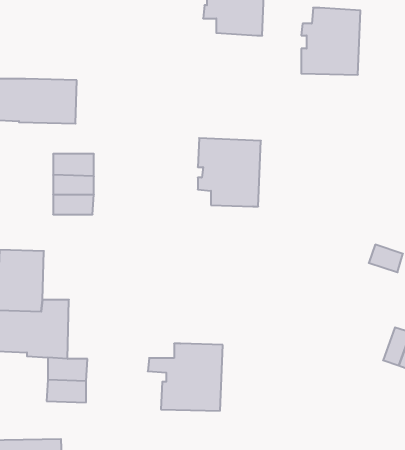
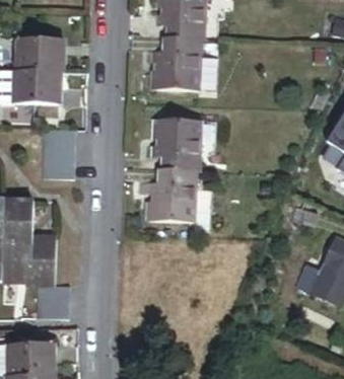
building: [301,8,360,75] -> [154,35,200,87]
building: none -> [21,39,65,72]
building: [148,344,223,411] -> [139,168,197,220]

